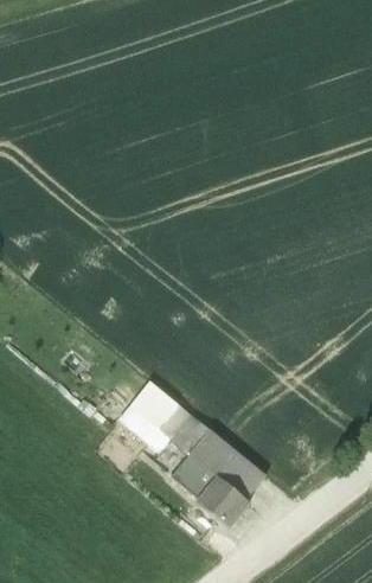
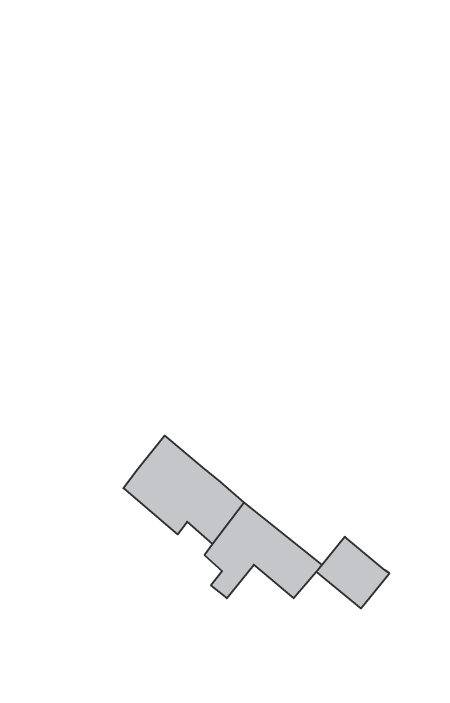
building: [193,476,248,530] -> [316,537,389,608]

